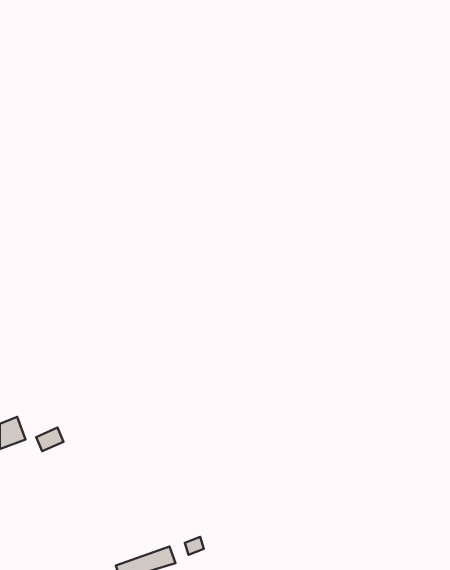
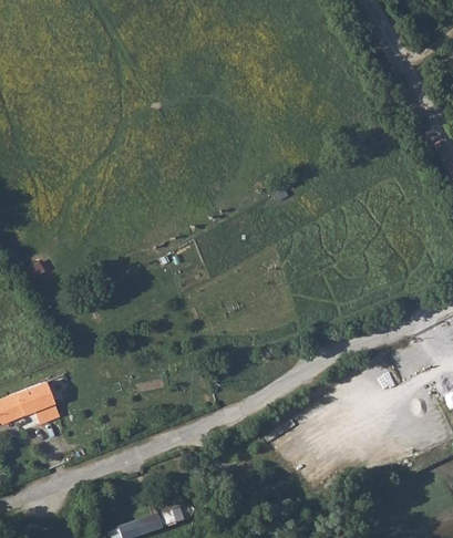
building: none -> [17,381,54,414]

